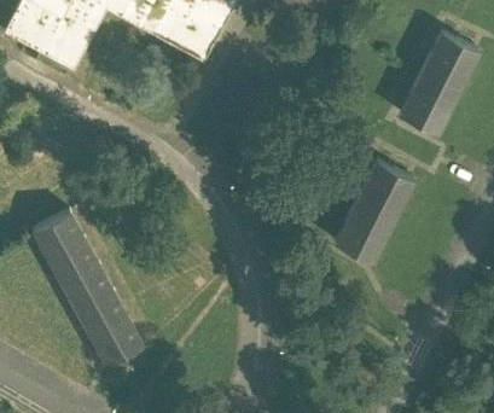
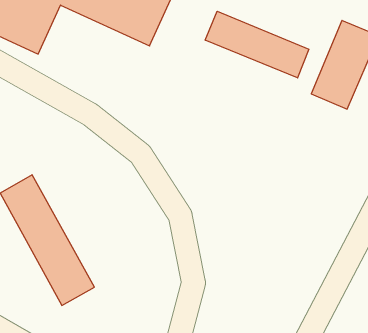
building: none -> [205,11,309,78]
building: [336,158,417,257] -> none

